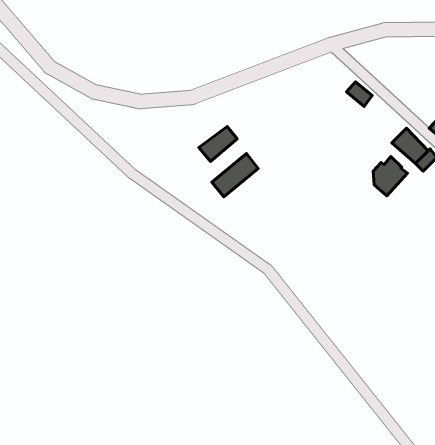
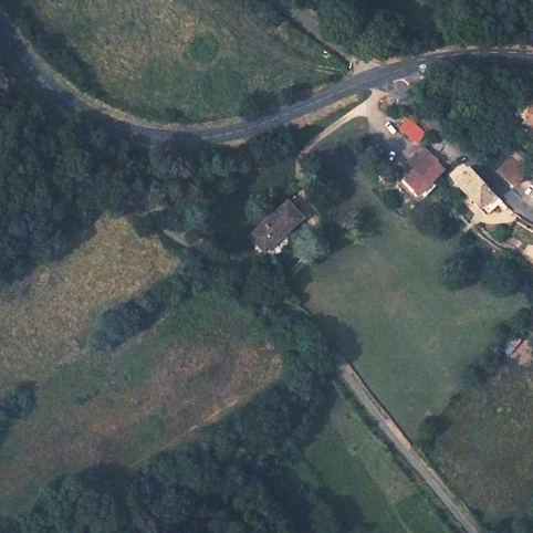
building: [199,127,237,161] -> none
building: [373,156,408,196] -> [404,154,442,198]

